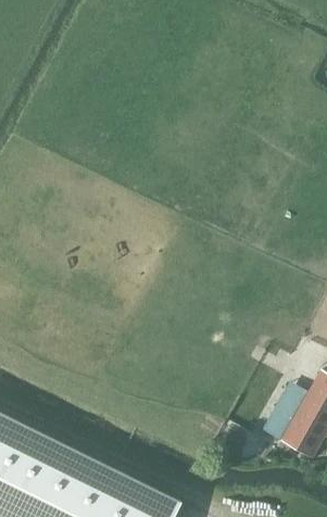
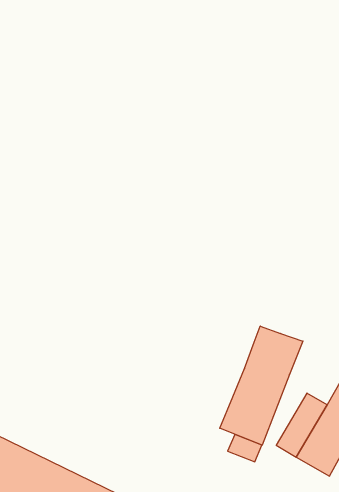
building: none -> [220,326,303,445]

